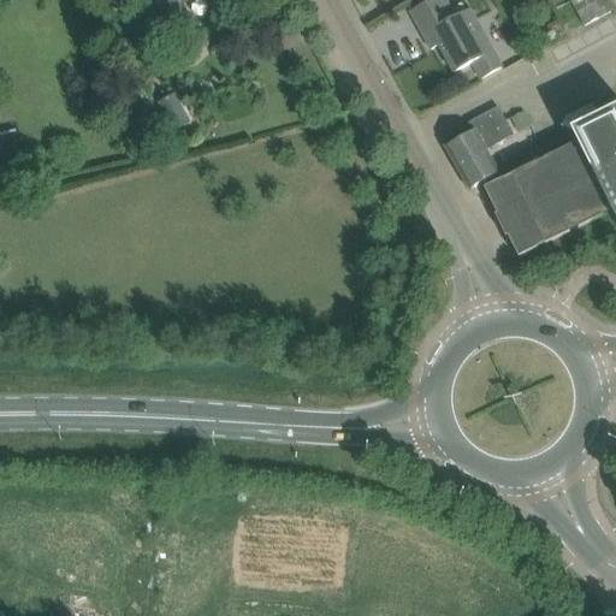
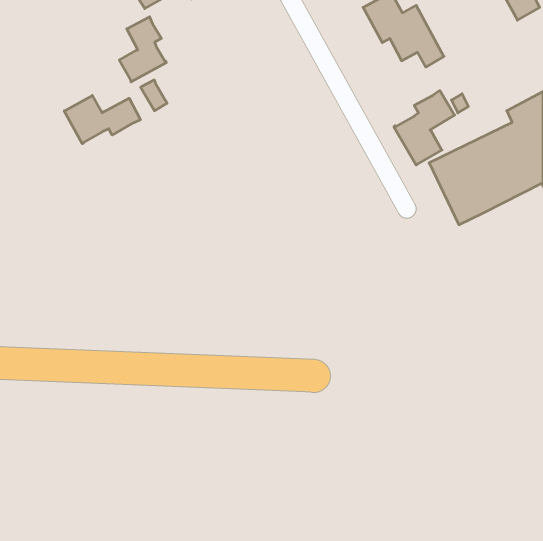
building: none -> [119,17,166,82]
building: none -> [64,95,140,144]

